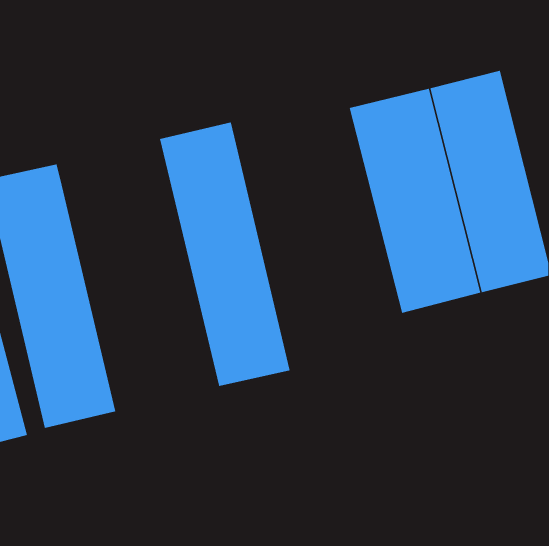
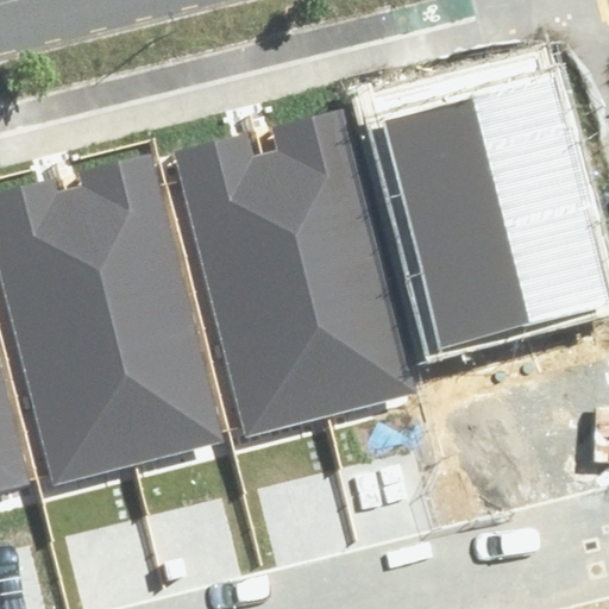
building: none -> [262,121,412,414]
building: none -> [69,168,219,459]

